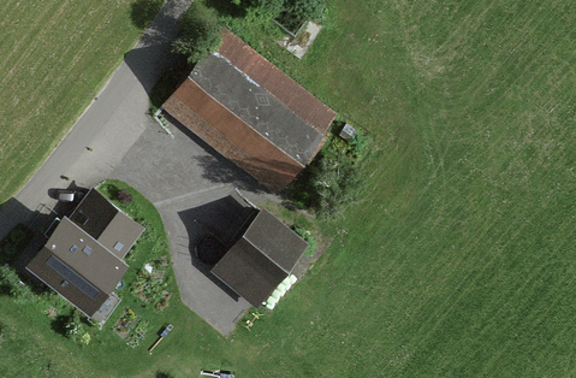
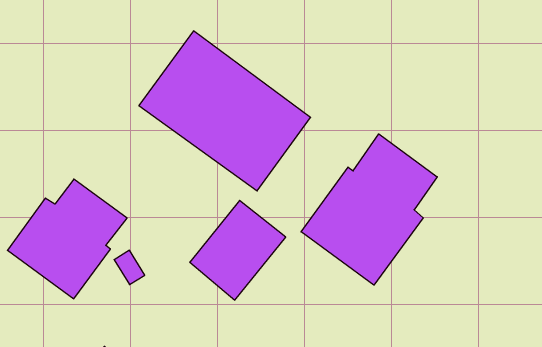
building: none -> [301,134,437,285]

